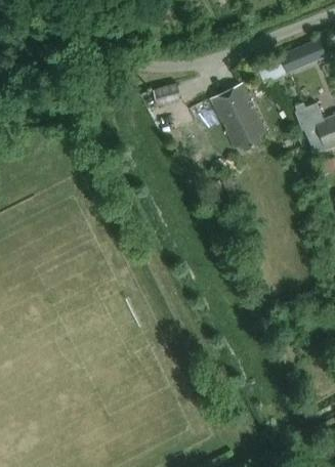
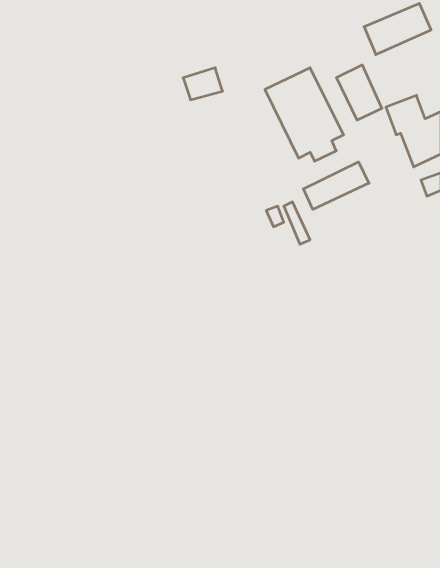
building: none -> [336,65,382,120]
building: none -> [303,162,369,209]

